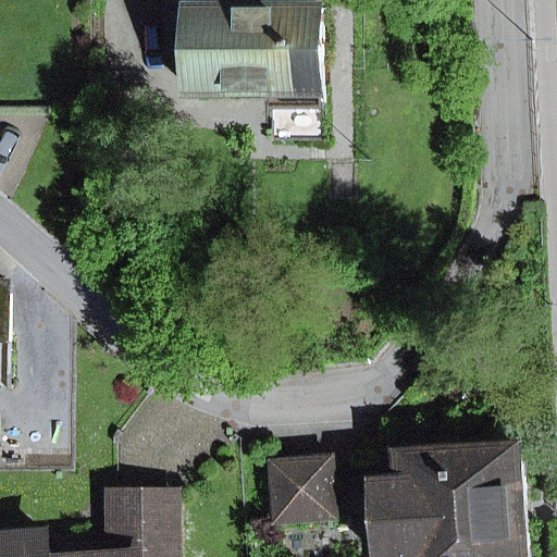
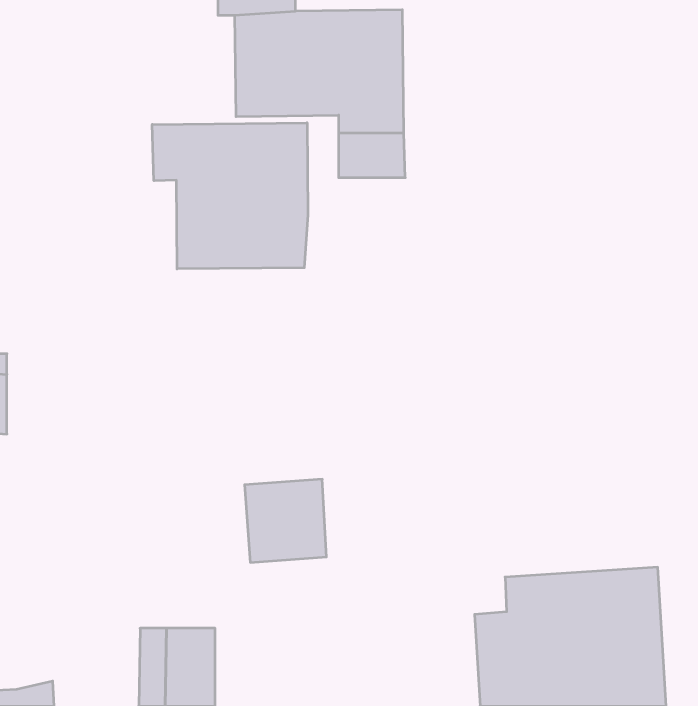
building: none -> [152,123,308,269]
building: [267,456,331,521] -> [245,479,326,562]

